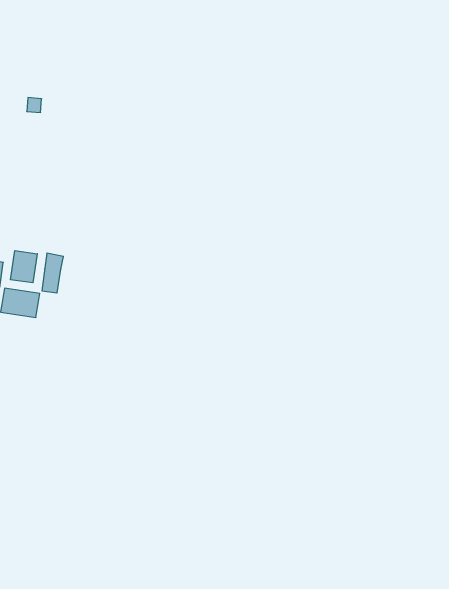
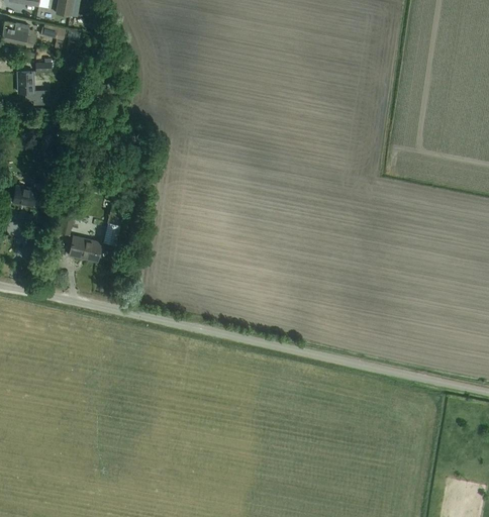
building: [11,251,37,283] -> none

